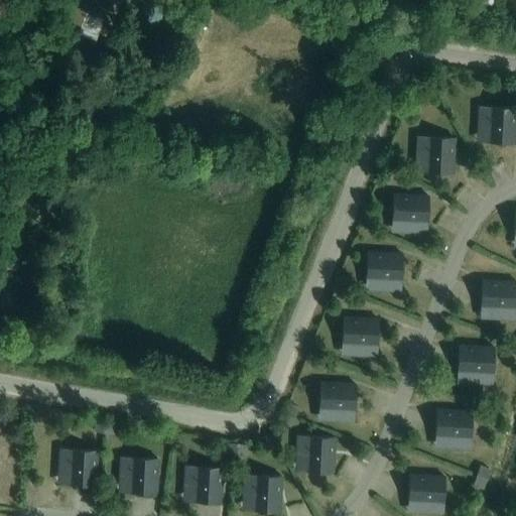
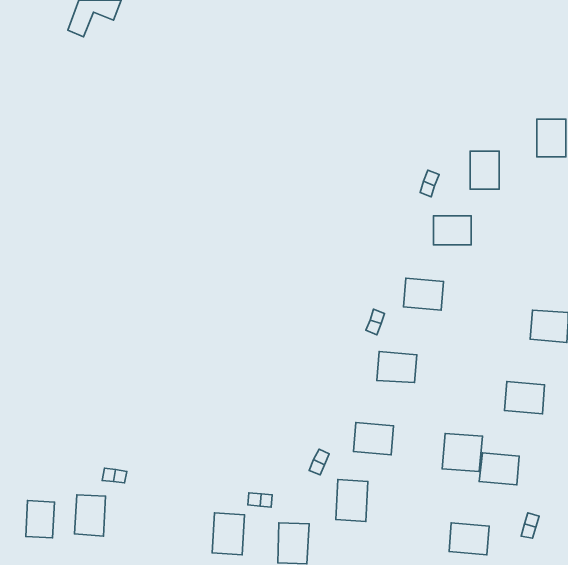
building: none -> [442,433,482,472]
building: none -> [26,501,54,538]
building: [128,460,157,497] -> none

